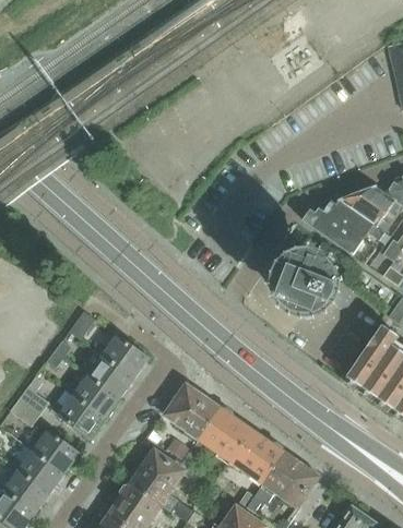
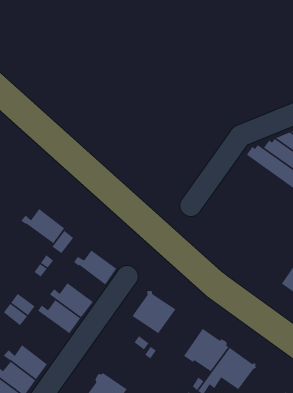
building: [278,257,335,315] -> none
building: [80,355,134,398] -> [20,208,65,244]
building: [199,407,252,463] -> none
building: [25,430,80,473] -> none
building: [131,449,185,504] -> none

